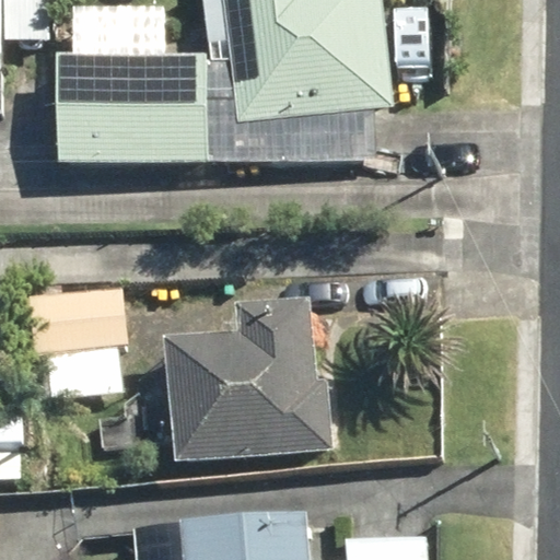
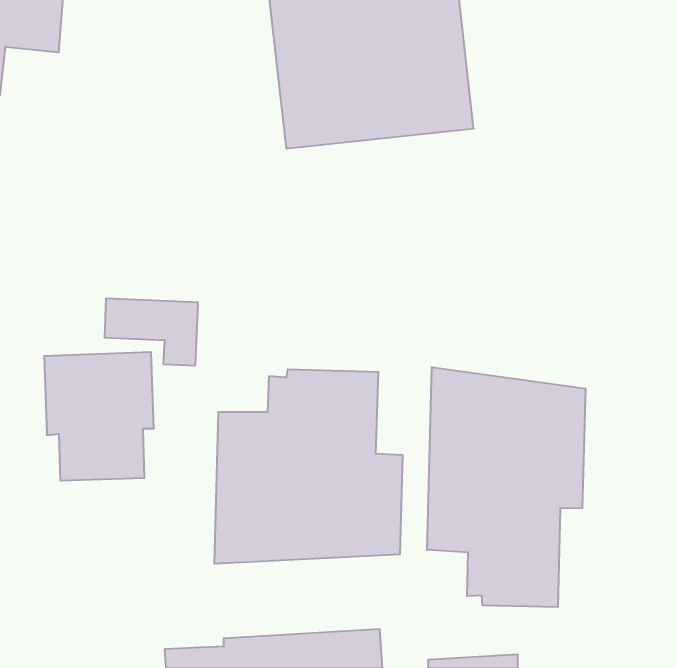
building: [55,54,210,164] -> none
building: none -> [427,367,585,607]

